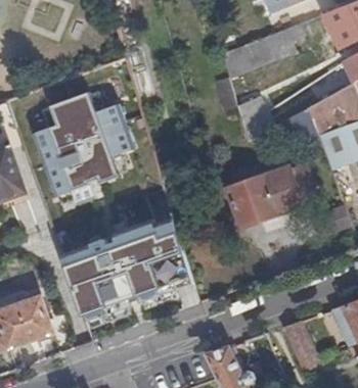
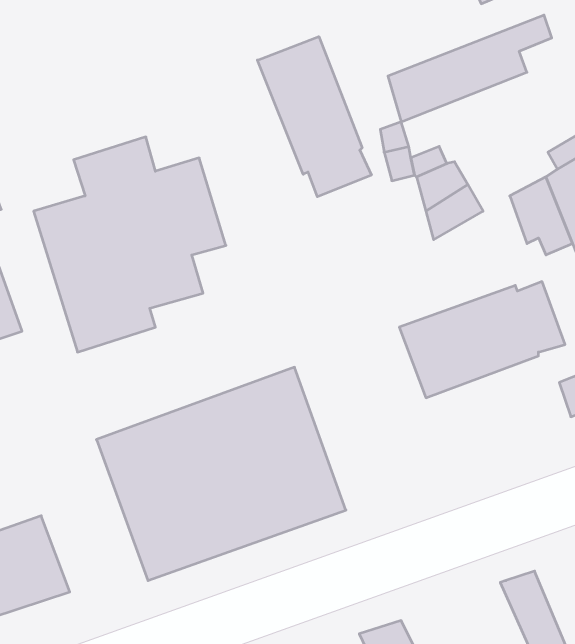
building: none -> [257,37,371,197]

